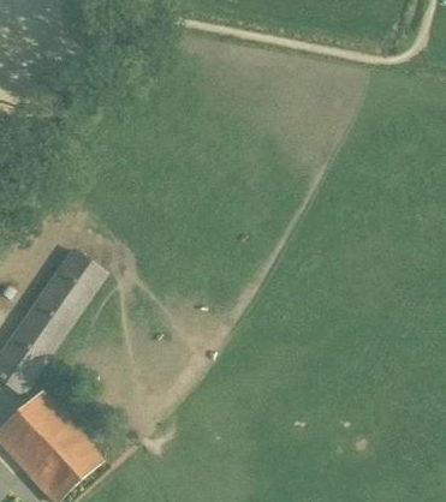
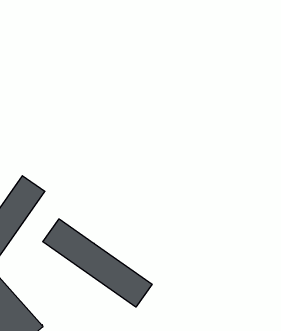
building: none -> [43,219,152,307]

